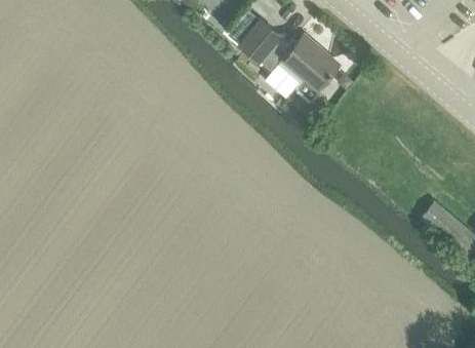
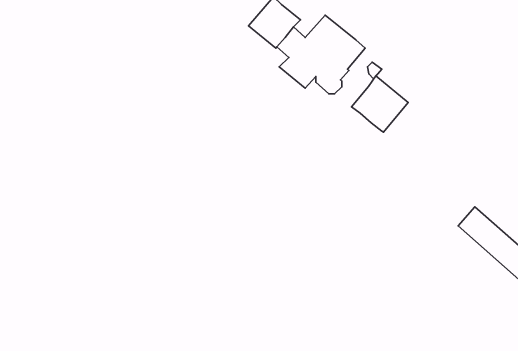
building: none -> [351,76,408,132]

